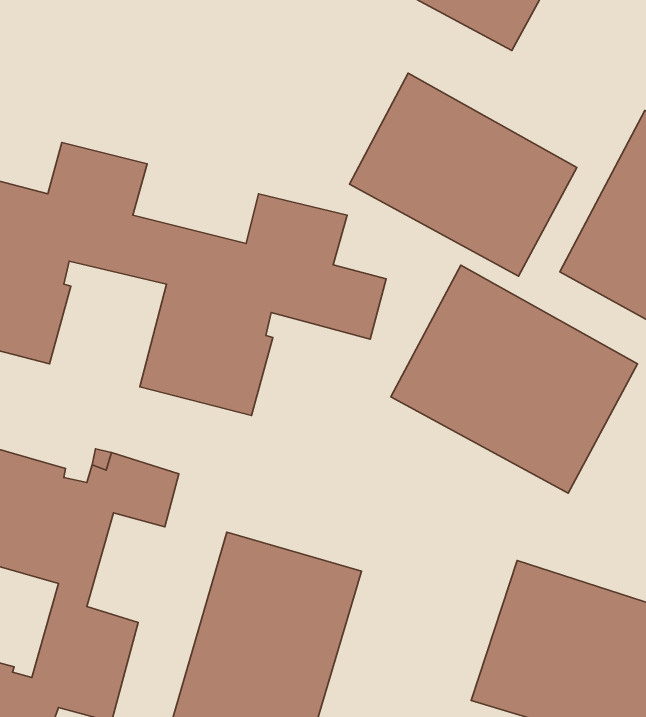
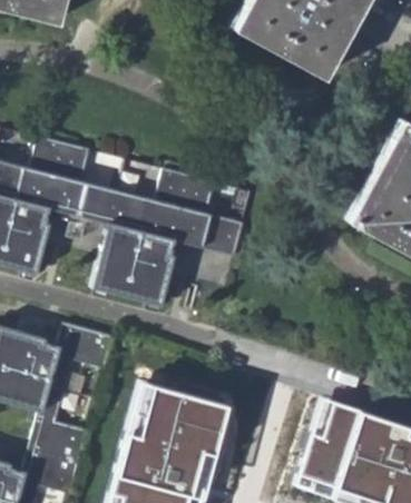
building: [349,73,577,276] -> none
building: [391,265,638,493] -> none

